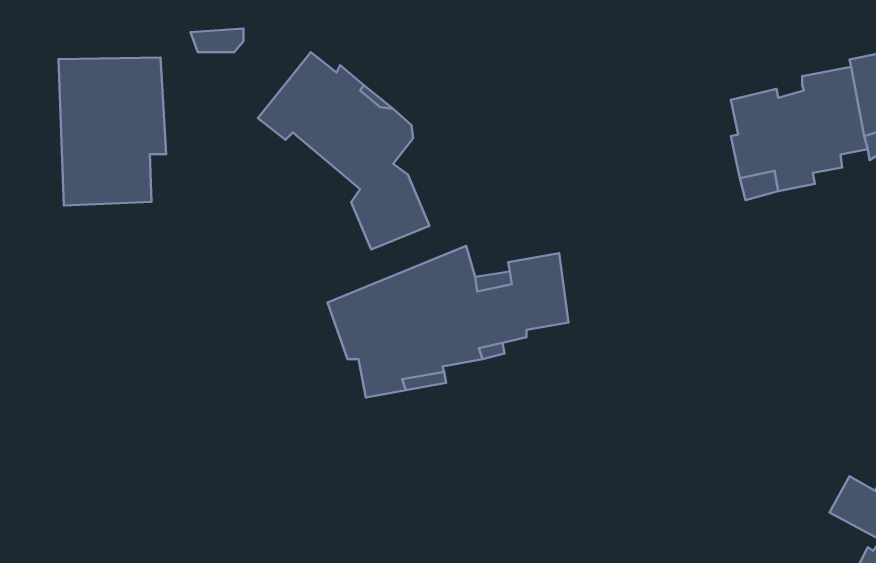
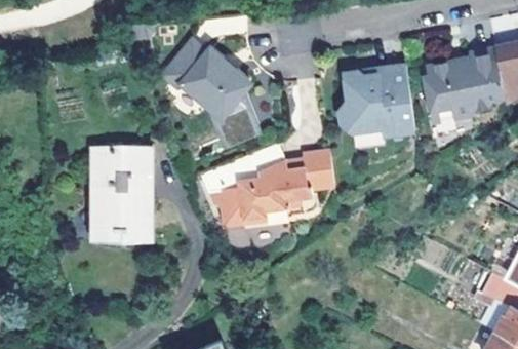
building: [58,57,166,205] -> [89,151,150,234]
building: none -> [340,66,416,137]

